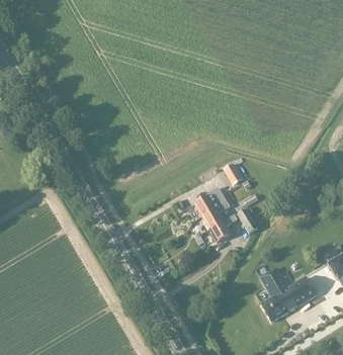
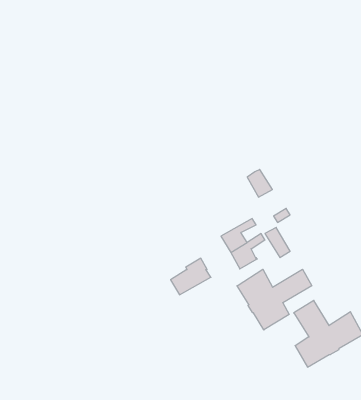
building: [195,187,228,216] -> [171,258,211,295]
building: none -> [237,269,312,330]

